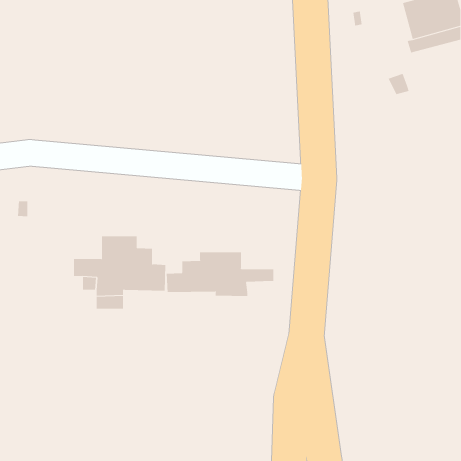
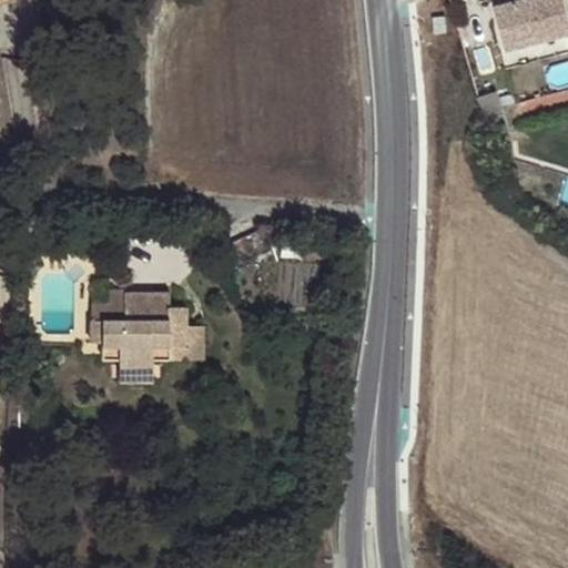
building: [166,251,274,297] -> none

